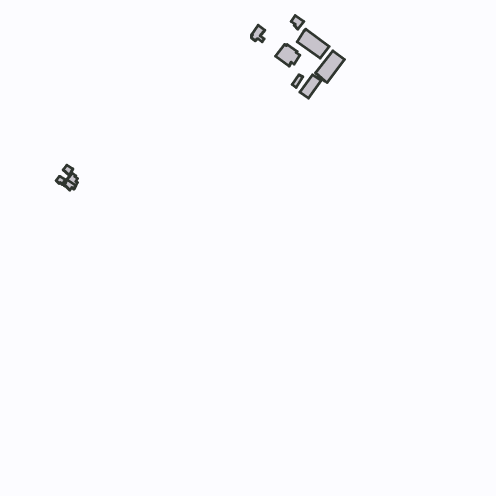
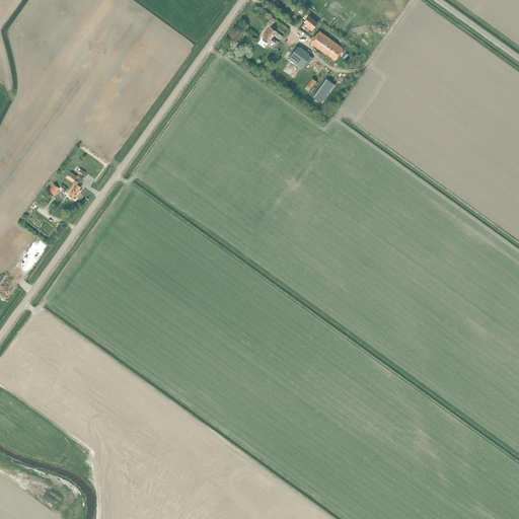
building: [315,51,344,82] -> none

